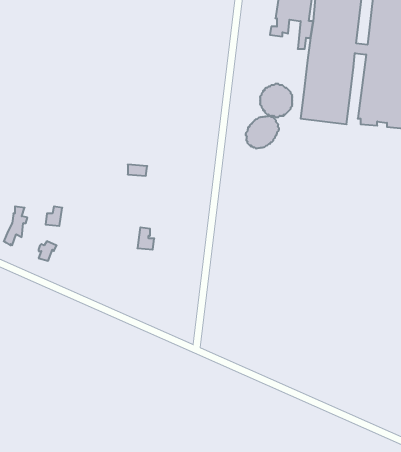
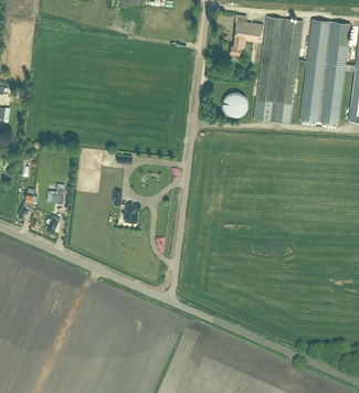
building: [246,116,279,149] -> none

